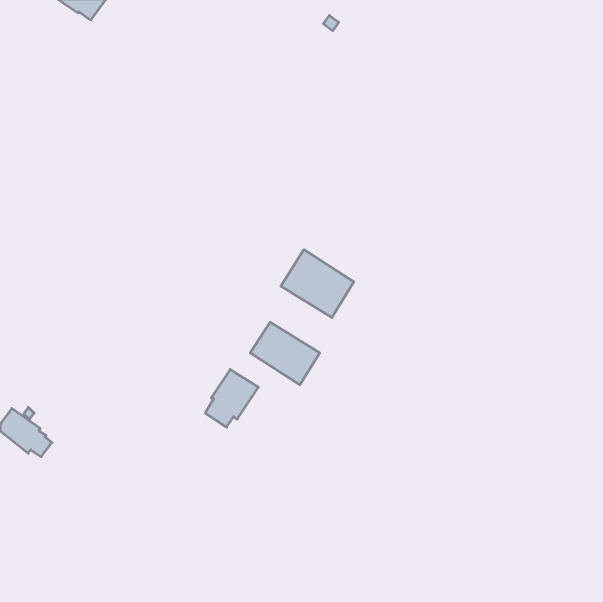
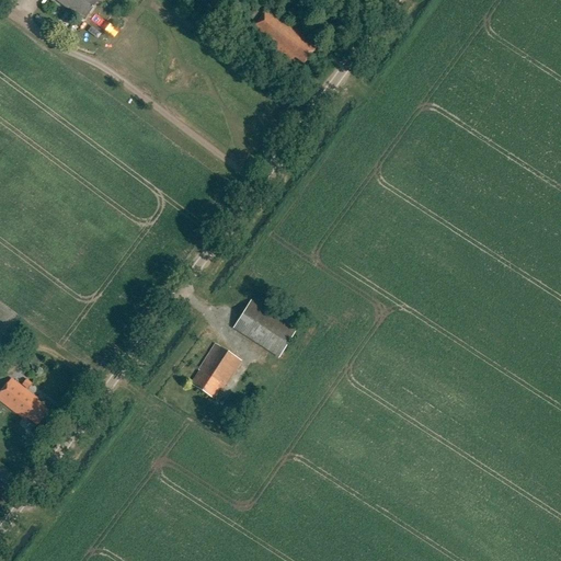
building: none -> [250,5,316,65]
building: [281,250,354,318] -> none

